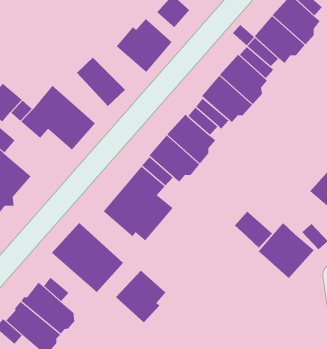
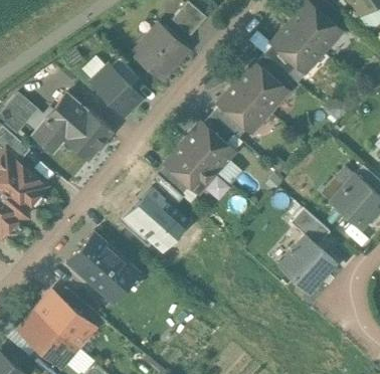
building: [234,211,273,248] -> [289,206,328,244]
building: [115,270,166,323] -> none

